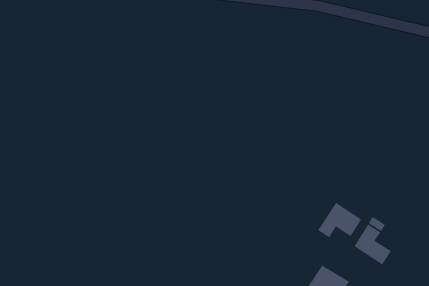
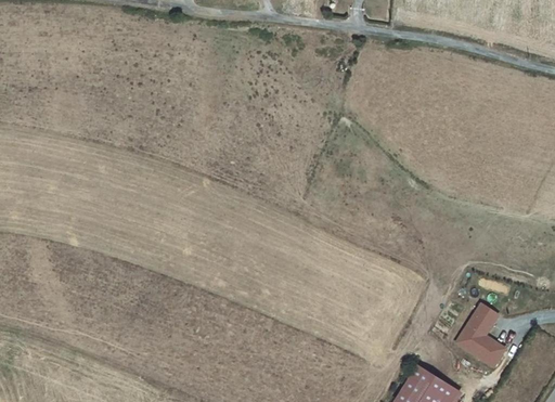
building: [317,202,362,238] -> none

